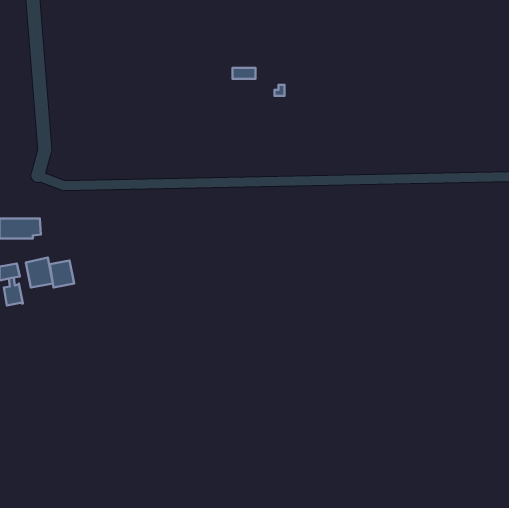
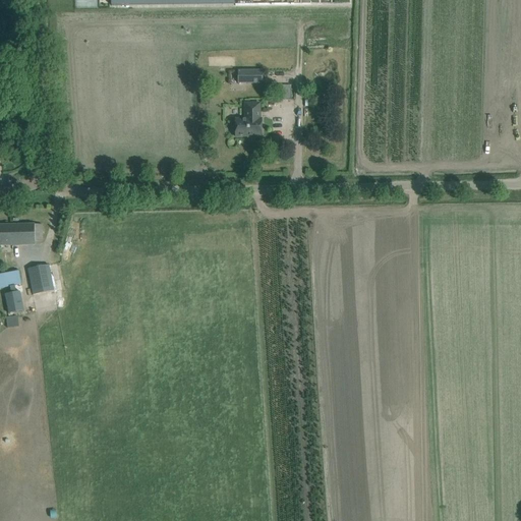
building: none -> [232,102,260,136]
building: [50,261,74,288] -> none

